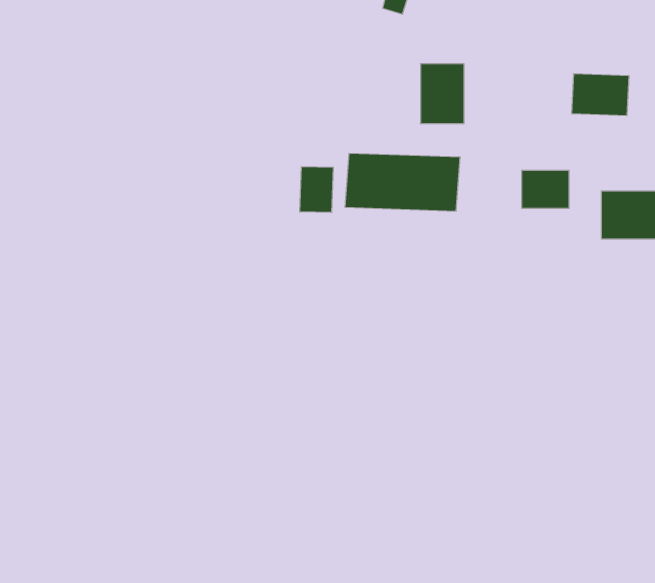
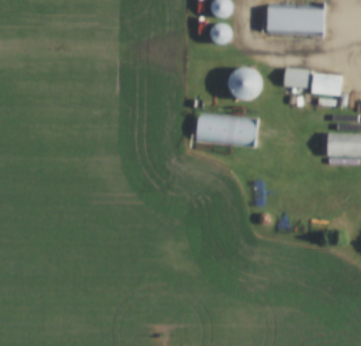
building: [300,167,333,213] -> none
building: [522,170,569,208] -> [284,69,309,88]

